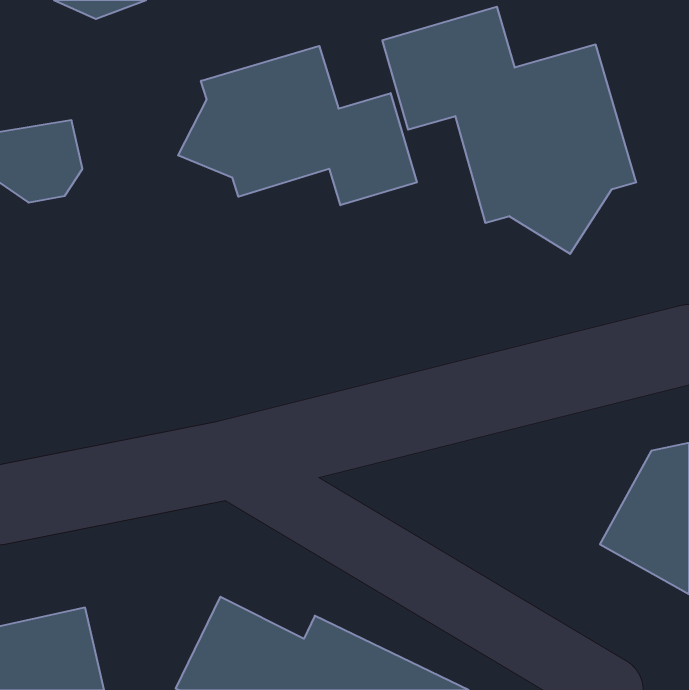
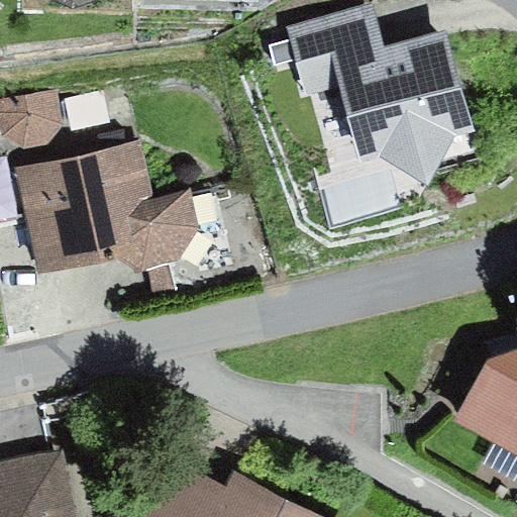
building: [178,46,417,205] -> none
building: none -> [15,147,197,279]

